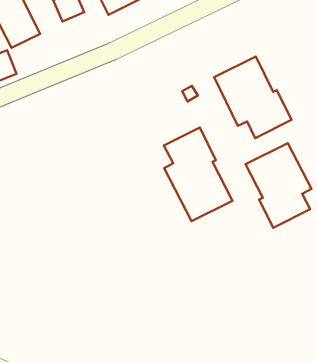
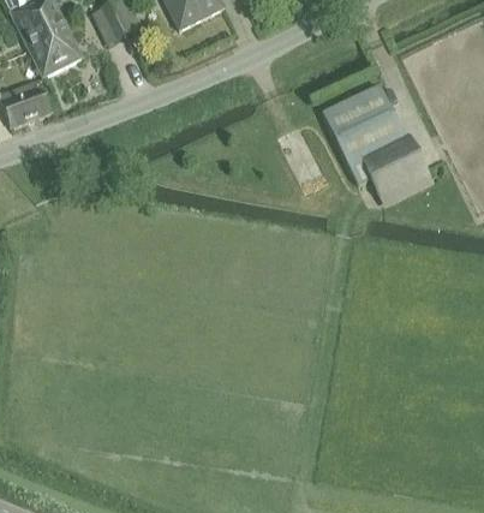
building: [164,127,232,221] -> none
building: [246,143,311,228] -> none

